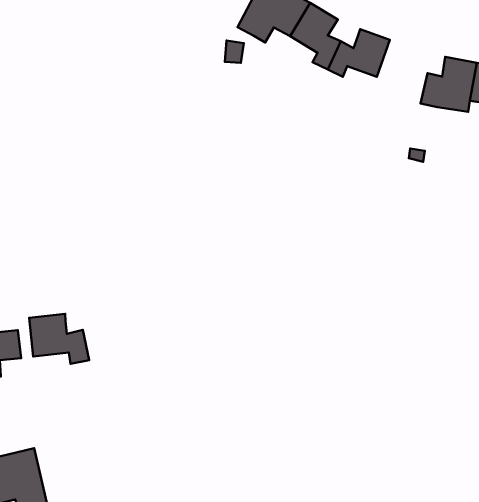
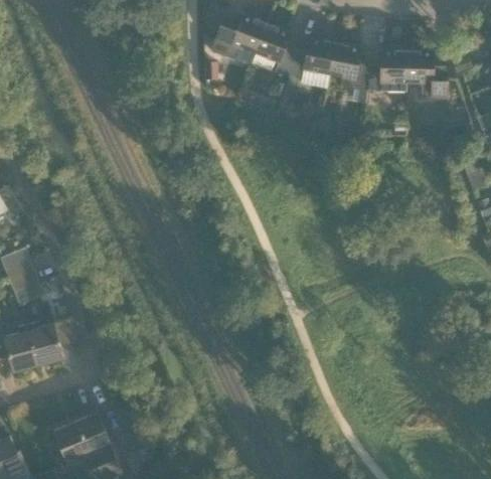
building: none -> [328,45,368,93]
building: [29,314,89,364] -> none

